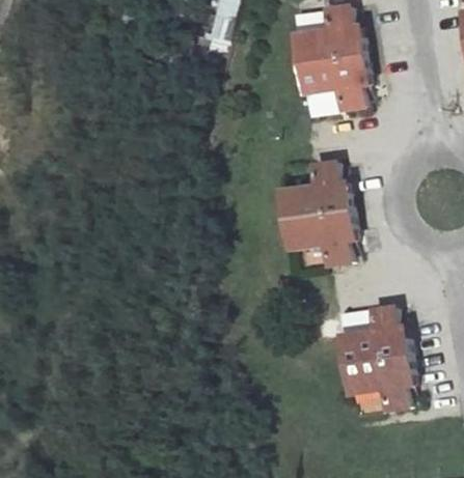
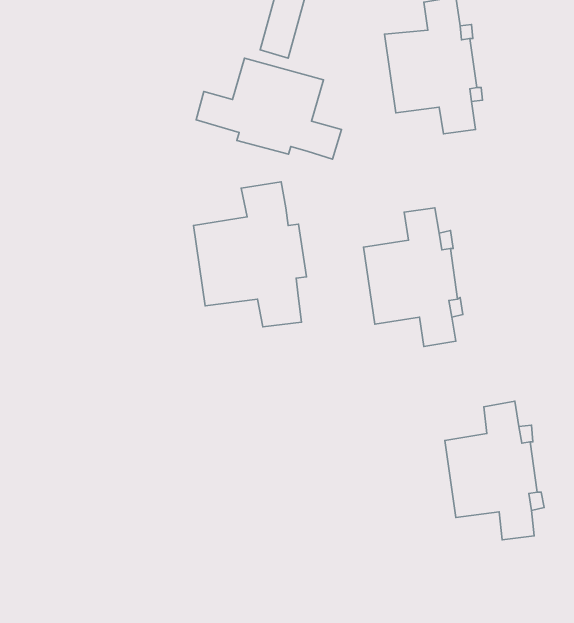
building: none -> [196,58,342,159]
building: none -> [193,182,307,327]

